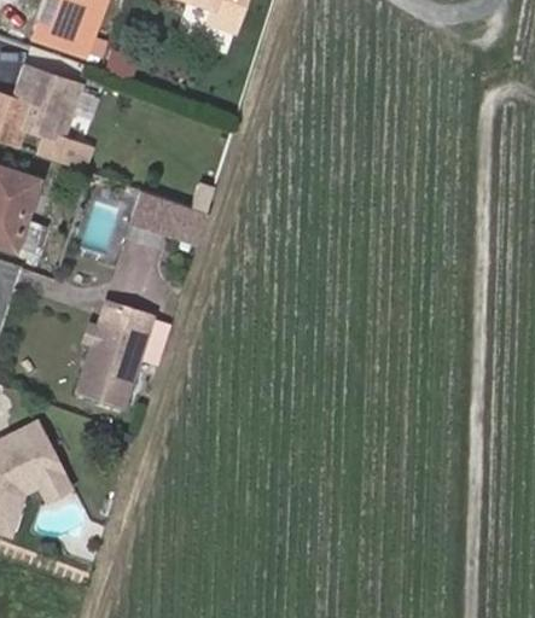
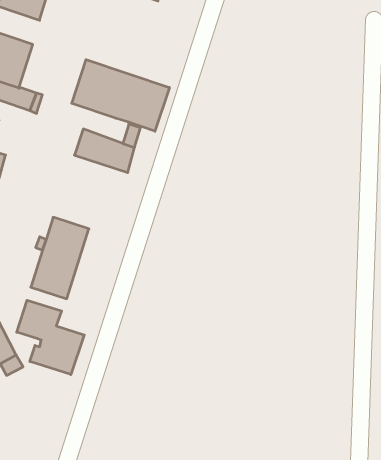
building: none -> [72,60,169,131]
building: none -> [17,300,84,375]

